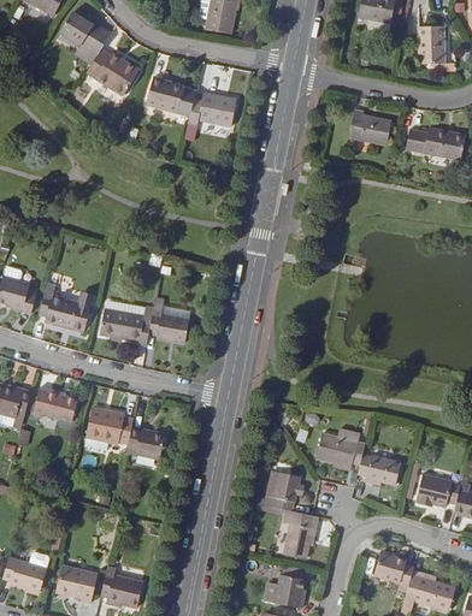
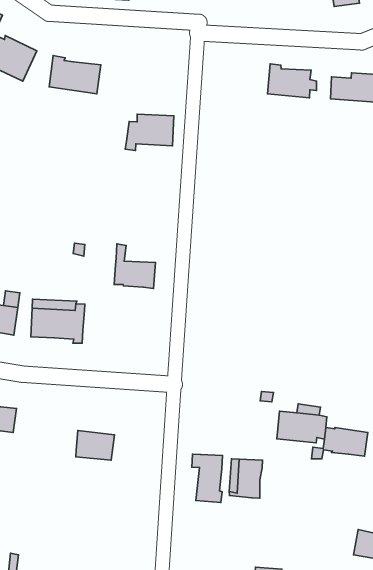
building: [187,93,236,126] -> [125,114,174,151]
building: [148,297,189,343] -> [114,244,155,289]
building: [85,407,134,445] -> none
building: [283,510,313,558] -> [192,454,223,502]

